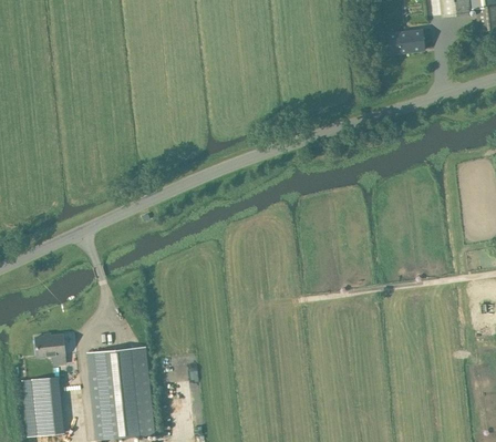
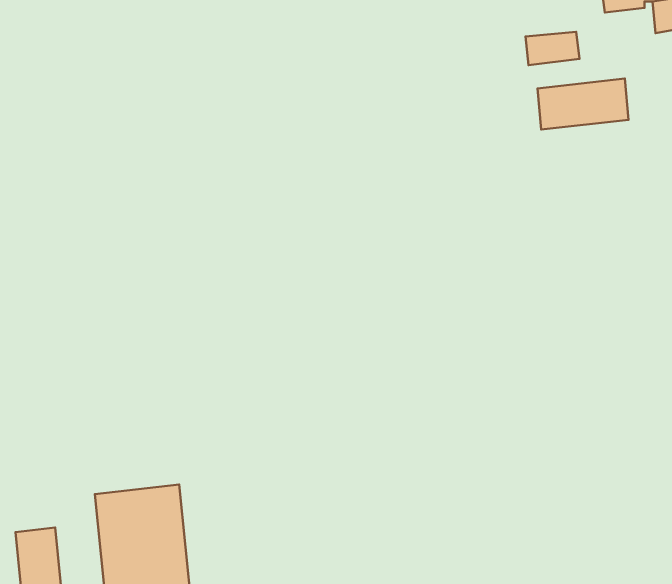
building: none -> [537,79,629,129]
building: [34,333,63,358] -> none

